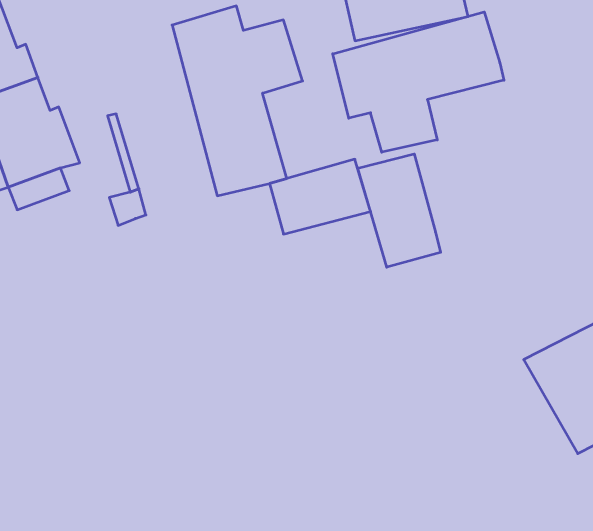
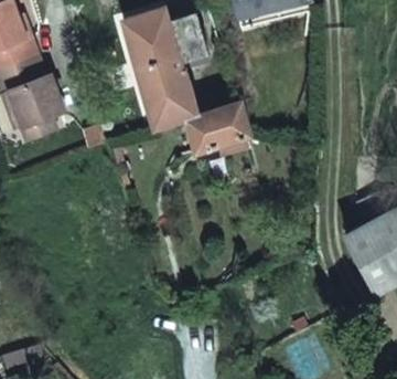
building: [333,12,504,152] -> none
building: [358,154,441,267] -> none

